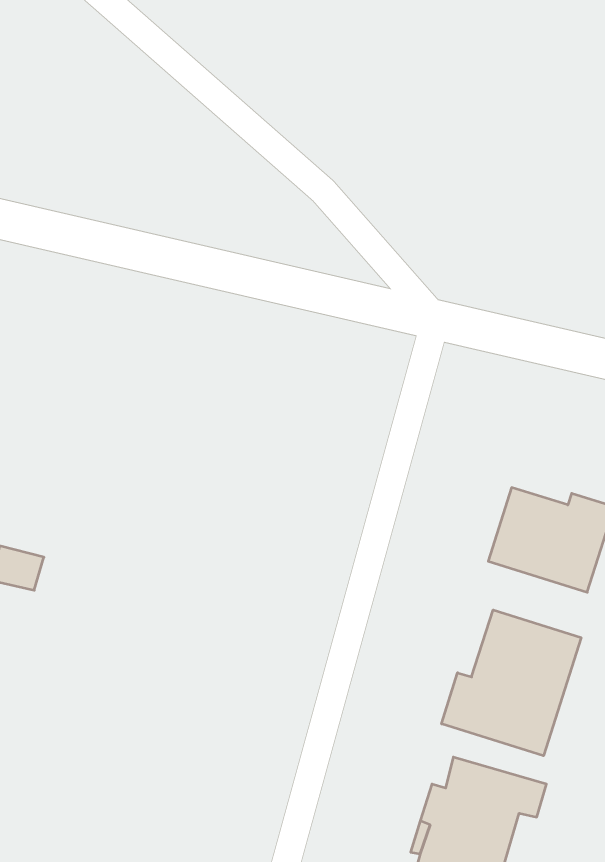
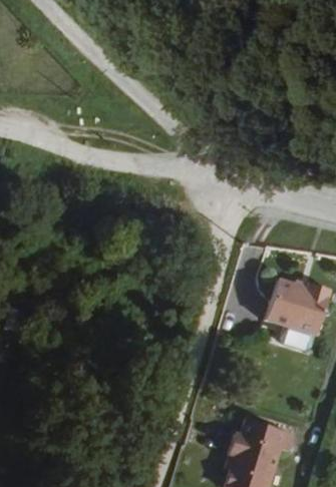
building: [442,610,581,756] -> none

